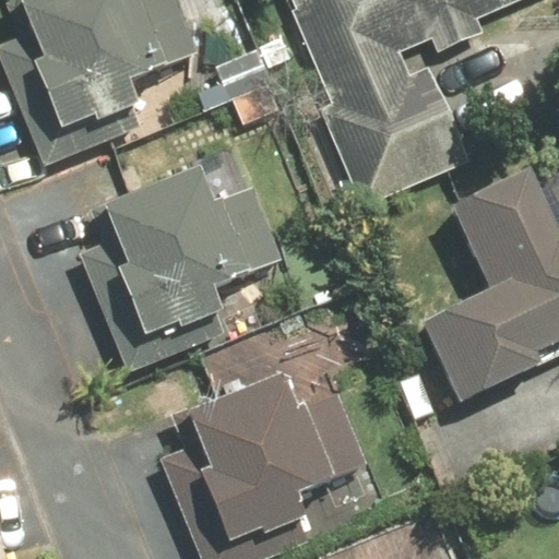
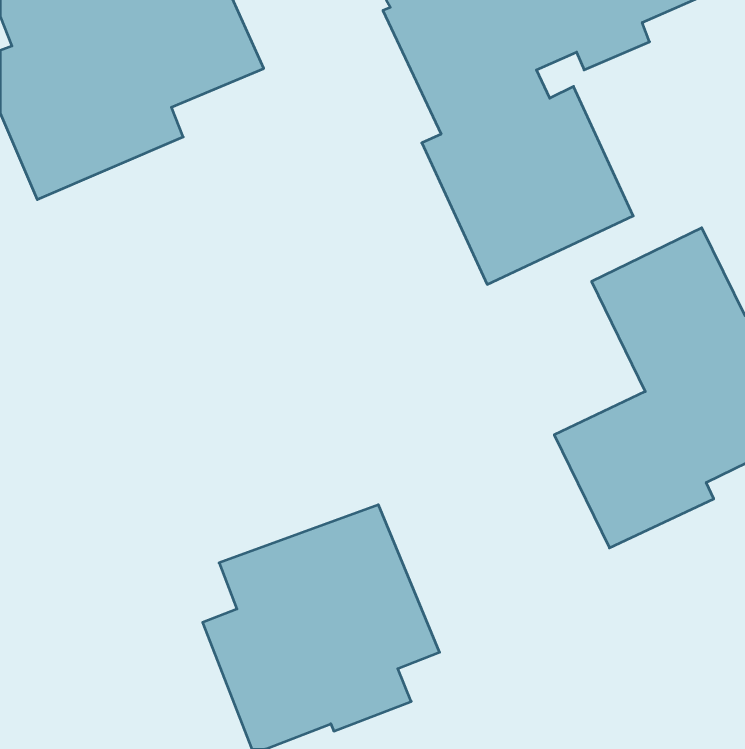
building: [81,166,289,350] -> none

